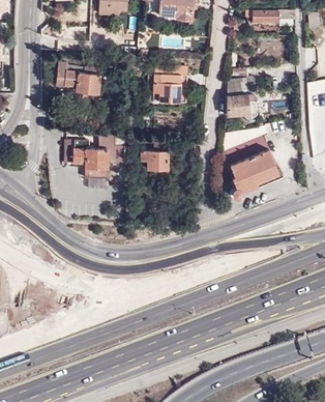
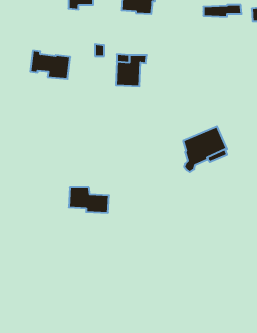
building: [225,78,256,115] -> none
building: [63,140,109,169] -> [69,187,109,213]
building: [140,142,168,169] -> none

